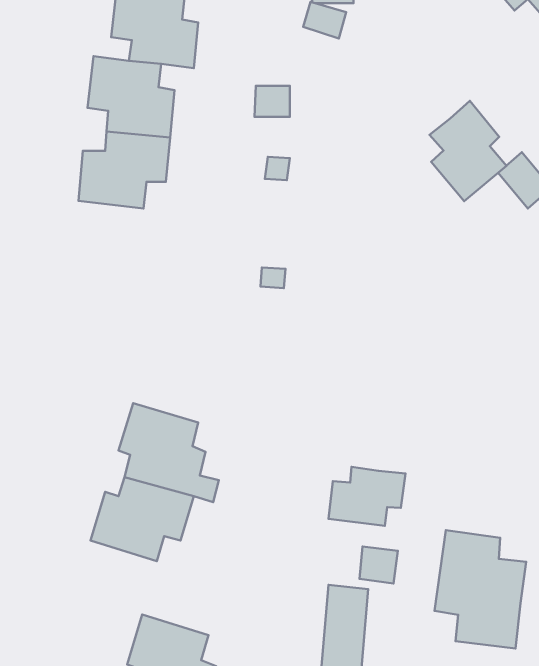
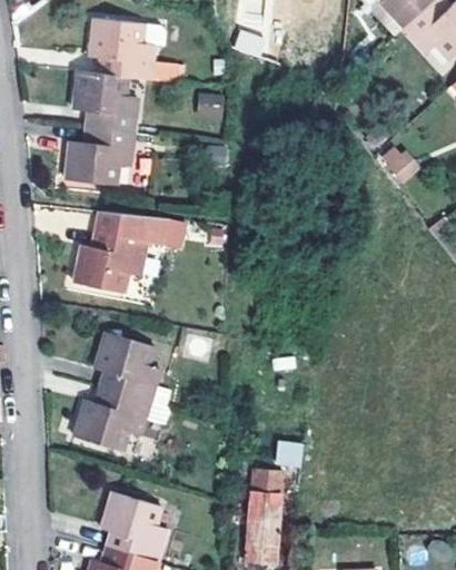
building: [430,101,506,201] -> none
building: none -> [72,212,167,292]
building: [328,467,406,526] -> none
building: [434,530,526,648] -> none

